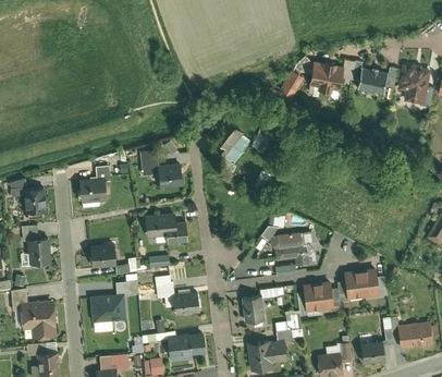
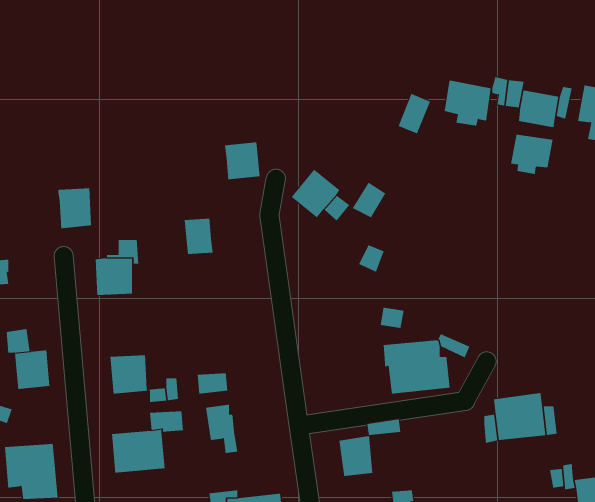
building: none -> [510,134,553,175]
building: [157,165,181,190] -> [224,142,260,180]
building: [22,187,45,215] -> [57,188,92,229]
building: [145,212,187,245] -> none
building: [303,280,332,312] -> none
building: [172,292,199,317] -> none

